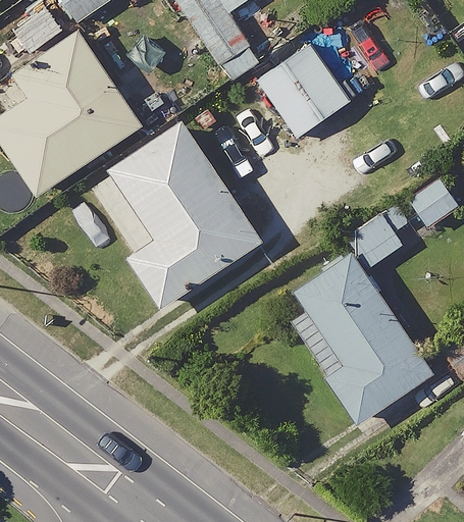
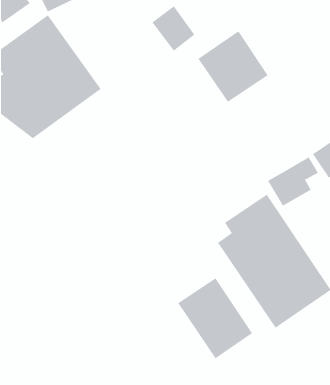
building: [105,118,262,316] -> none
building: none -> [177,278,253,359]

